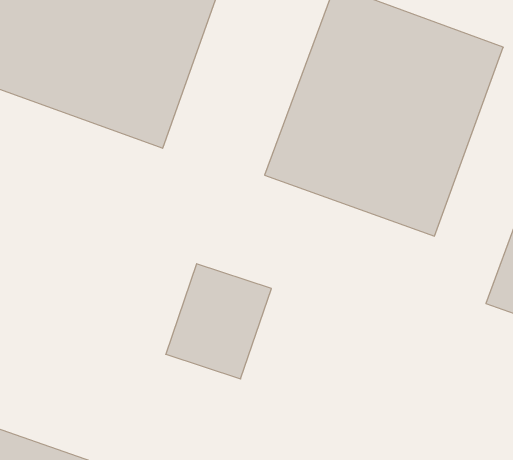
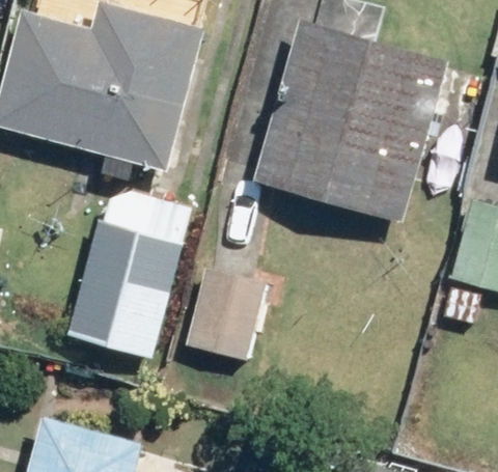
building: none -> [72,183,190,354]

